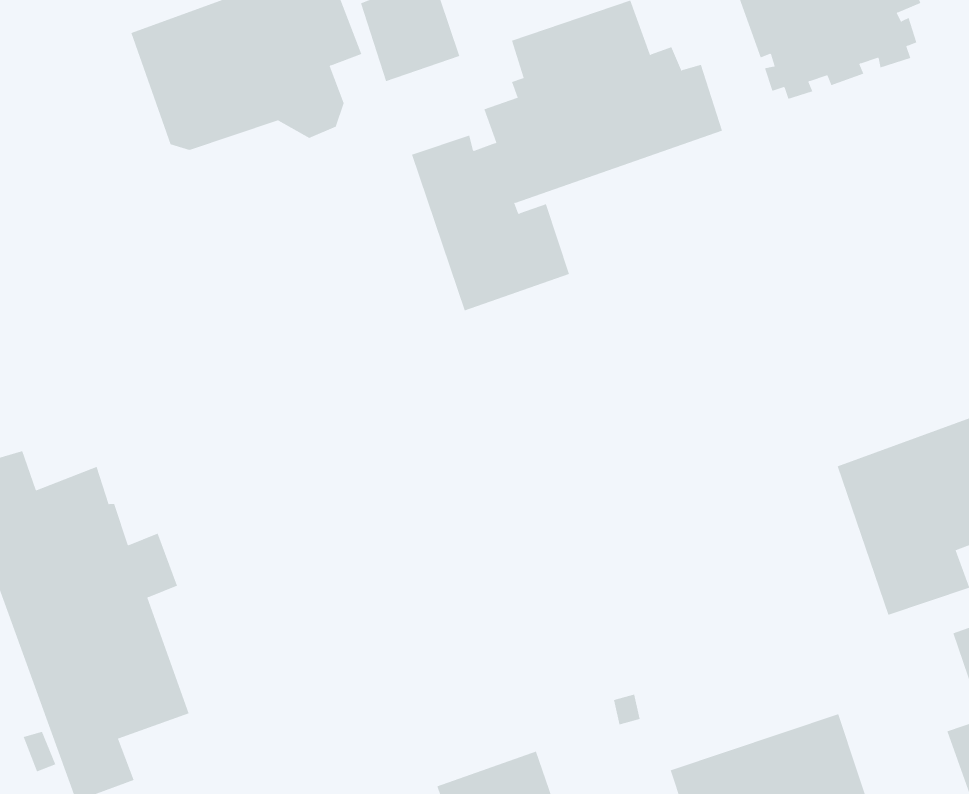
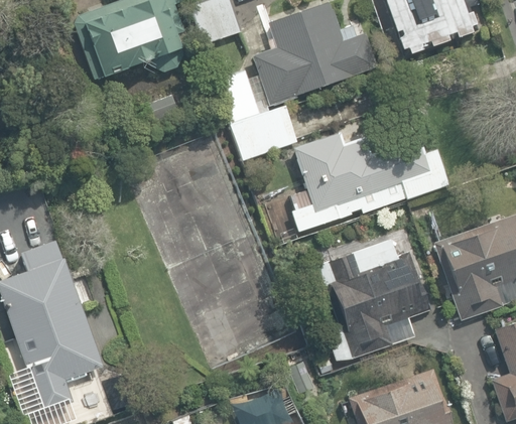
building: none -> [289,130,449,234]
building: none -> [317,240,431,362]

